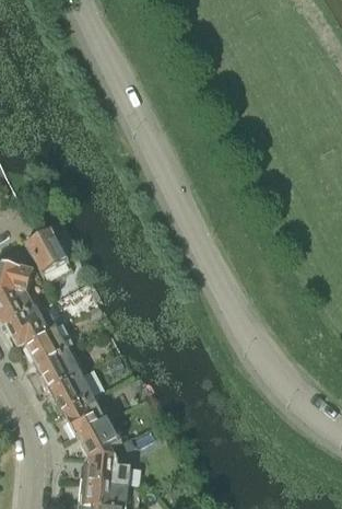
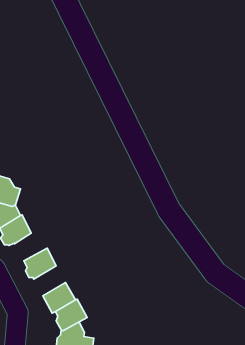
building: [25,230,68,274] -> none
building: [26,326,69,367] -> none
building: [51,373,93,413] -> none

